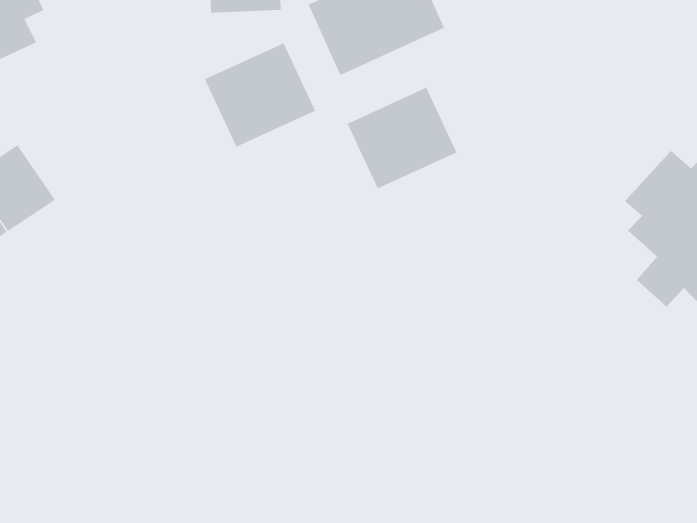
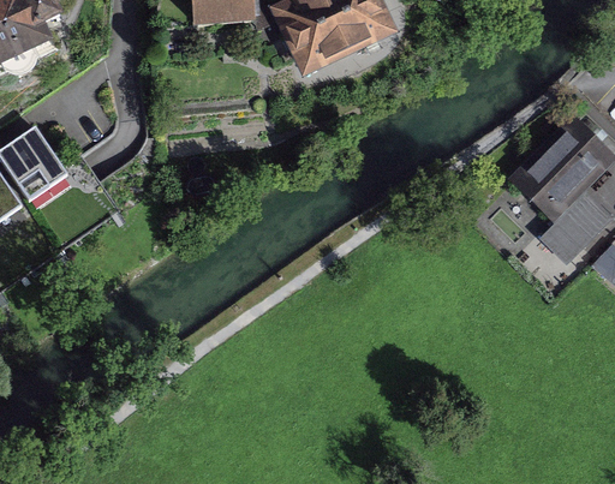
building: [204,42,316,148] -> none
building: [347,87,457,189] -> none

